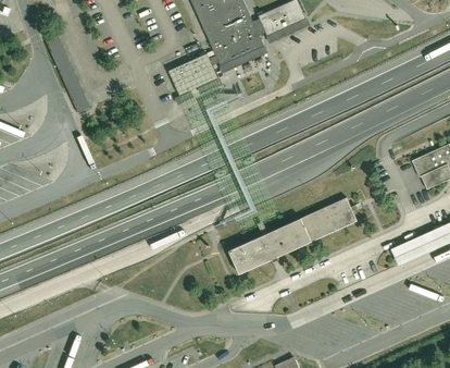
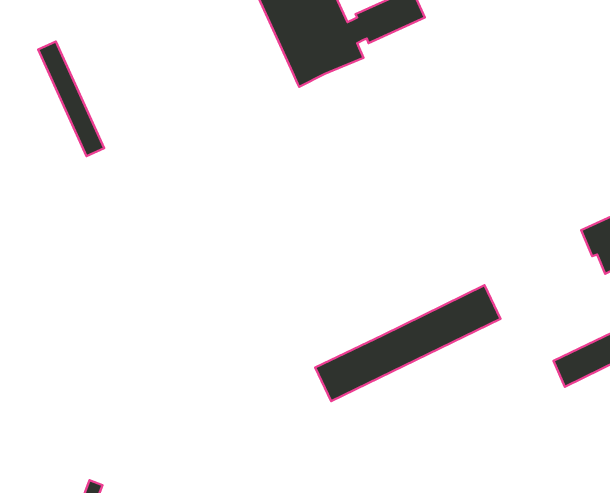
building: [168,52,220,94] -> none

